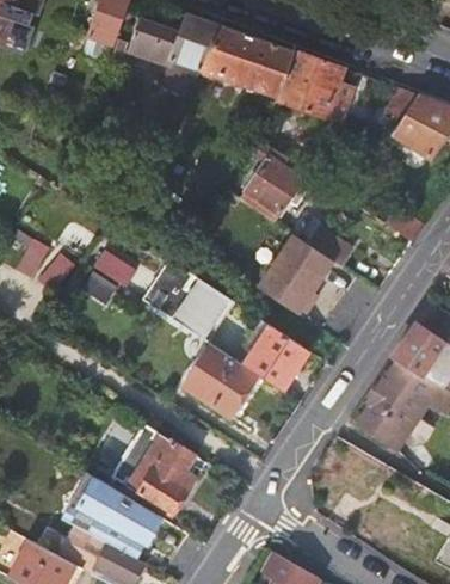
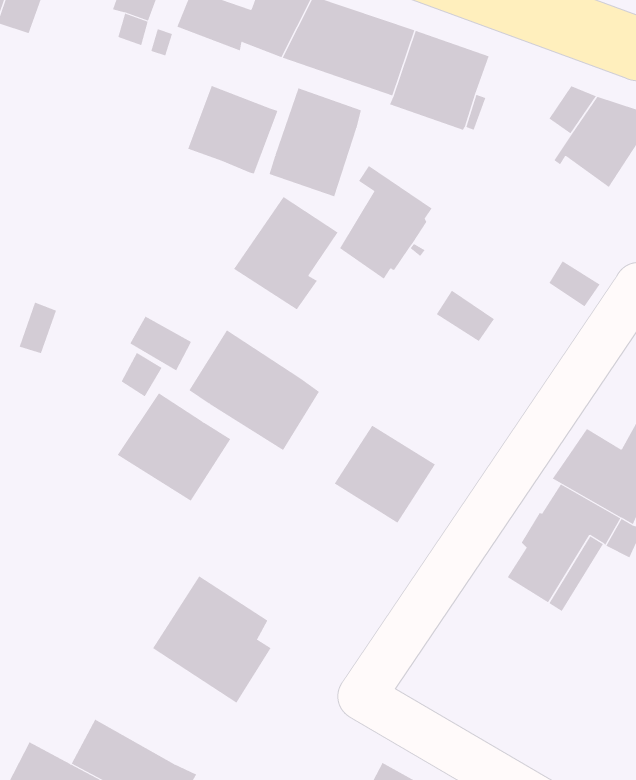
building: none -> [187,85,278,174]
building: none -> [269,88,361,197]
building: [260,239,333,318] -> [233,196,339,310]
building: [179,343,258,418] -> [117,393,231,502]
building: [62,473,164,557] -> none

